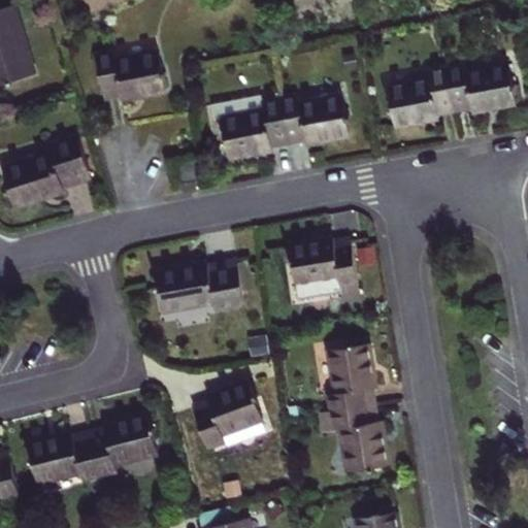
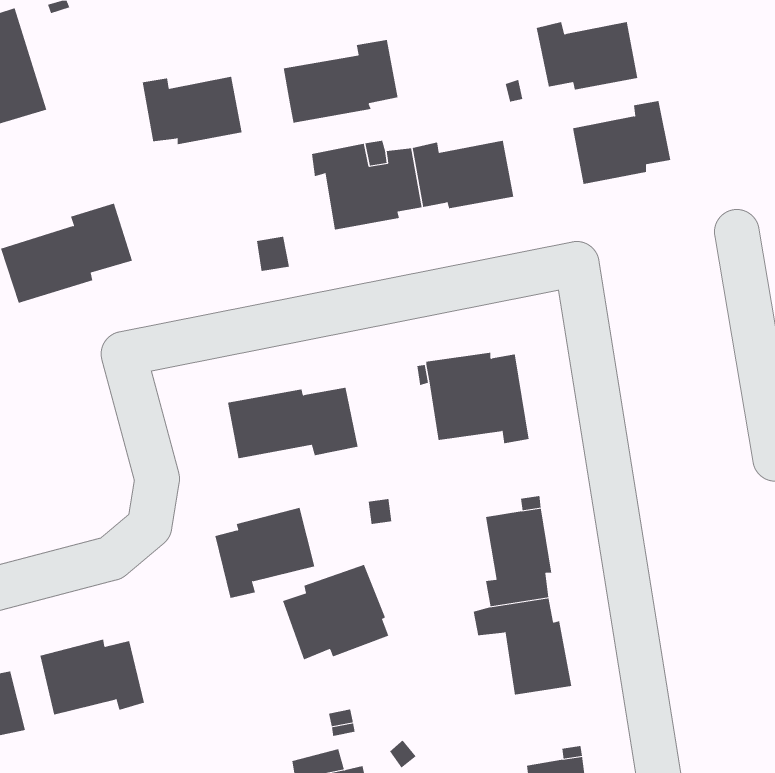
building: none -> [283,39,398,123]
building: [446,68,515,114] -> [536,22,638,90]
building: [88,418,156,480] -> [215,507,315,598]

